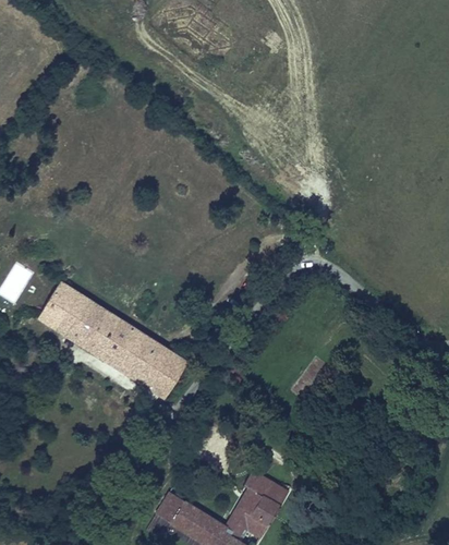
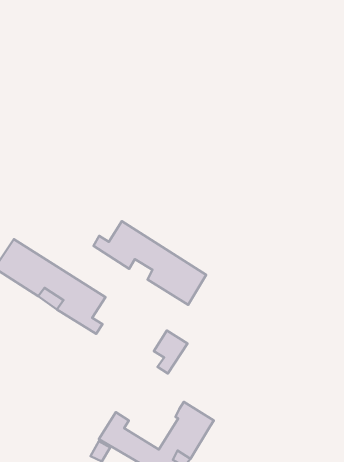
building: none -> [94,221,206,305]
building: [148,348,187,398] -> [154,331,187,374]

